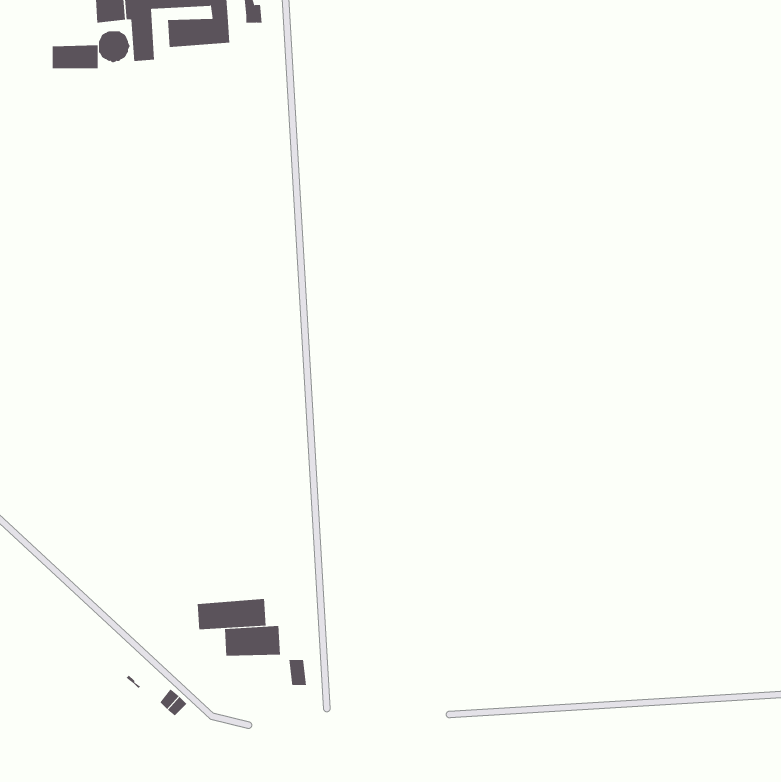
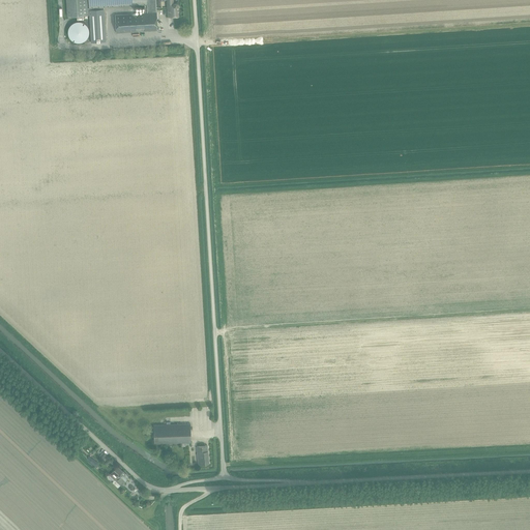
building: [52,45,98,69] -> none
building: [197,598,266,630] -> none

